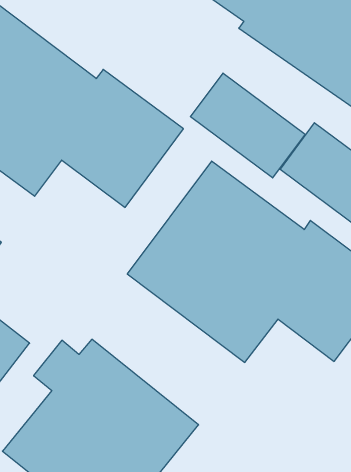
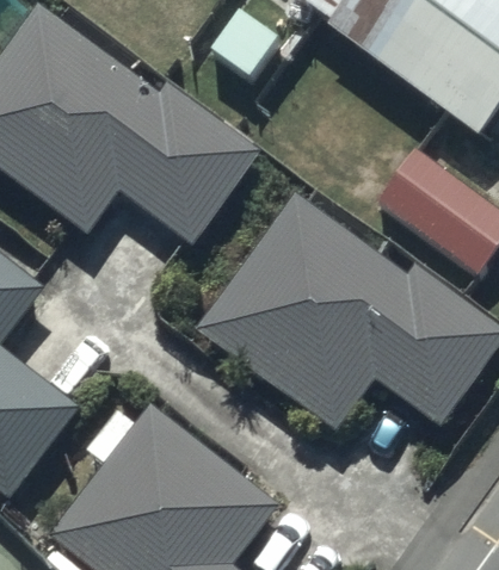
building: [190,73,305,178] -> none

